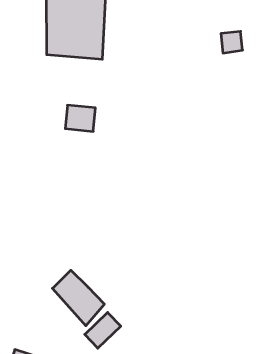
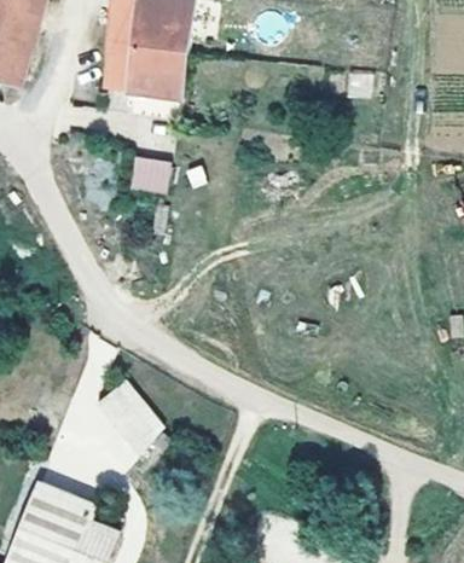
building: [85,312,121,348] -> none

